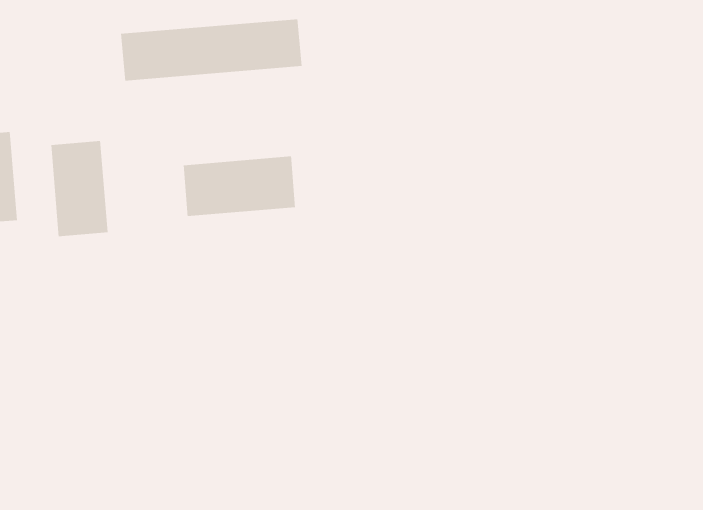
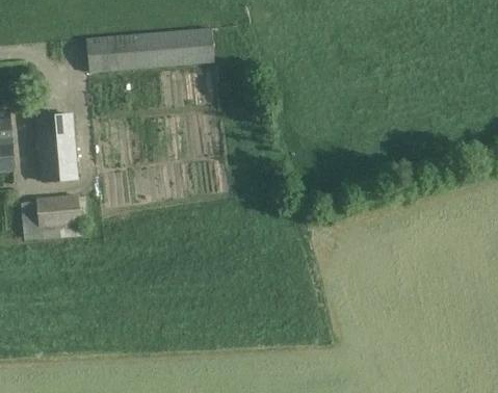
building: [183,156,295,217] -> none
building: none -> [20,193,80,239]

